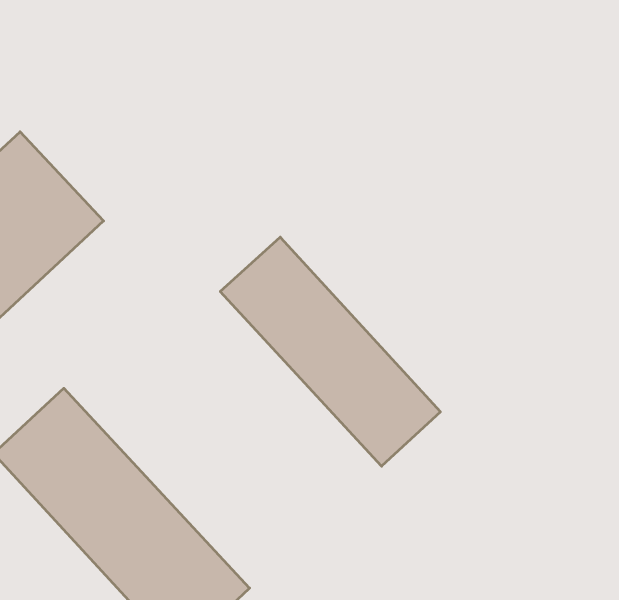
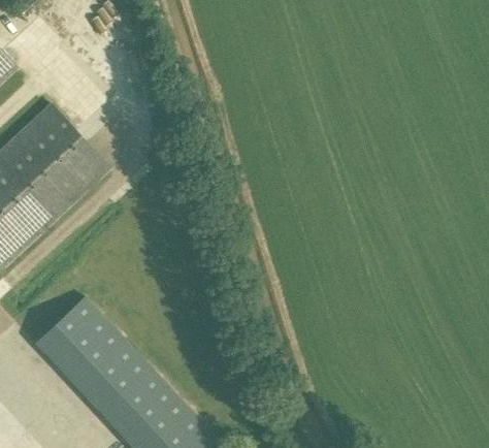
building: [220,237,440,466] -> none

